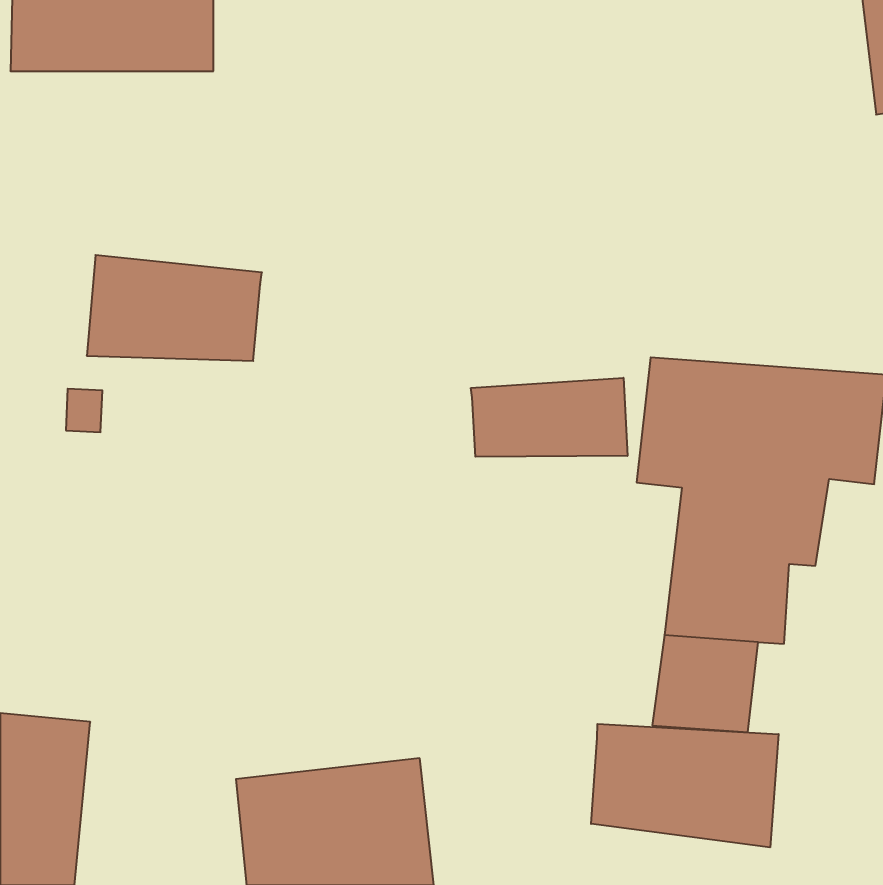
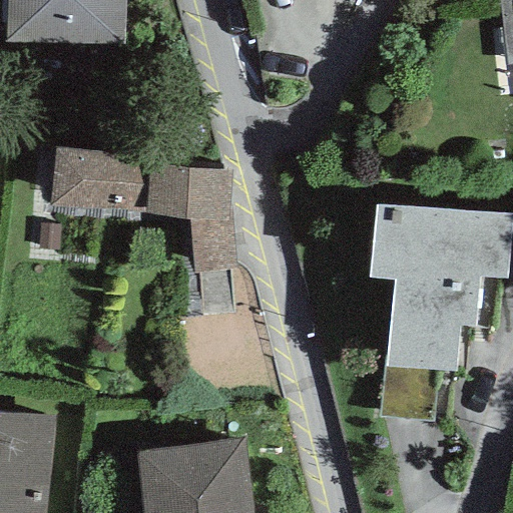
building: none -> [147,164,239,275]
building: [471,378,627,457] -> none
building: [591,724,779,847] -> none

